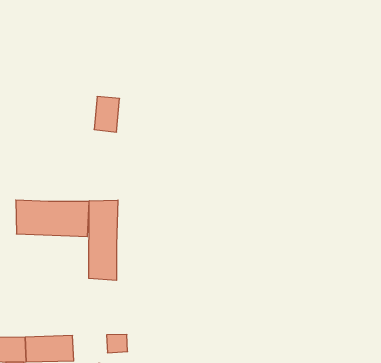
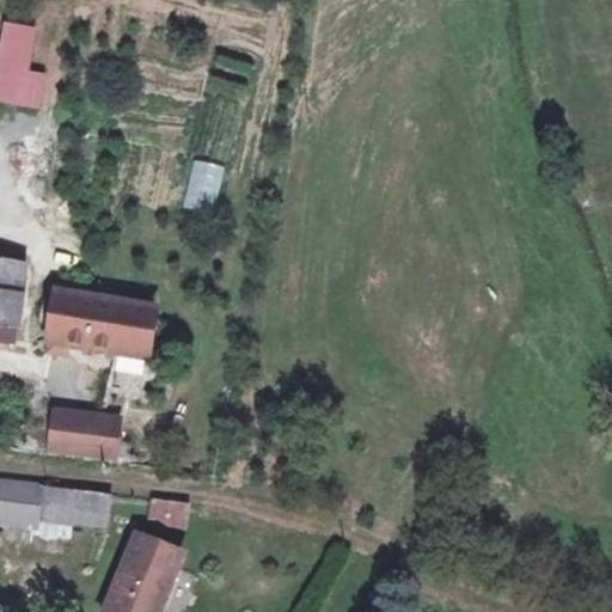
building: [89,200,118,280] -> none
building: none -> [59,422,114,453]

